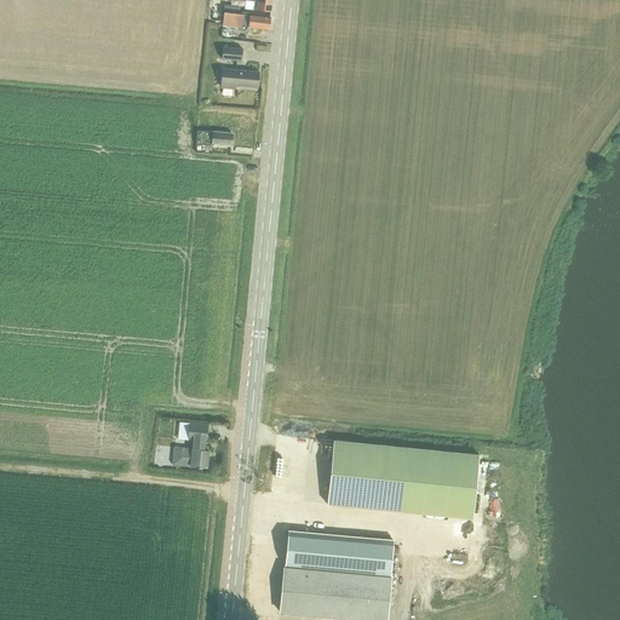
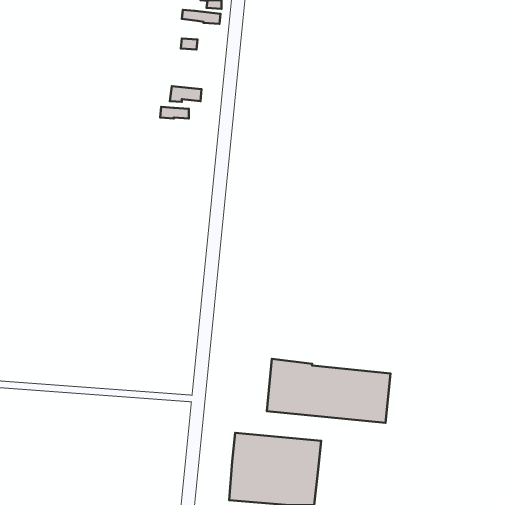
building: [220,69,259,88] -> [170,86,202,102]
building: [172,421,208,469] -> none

